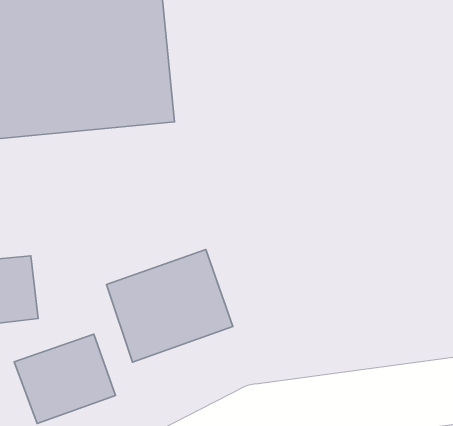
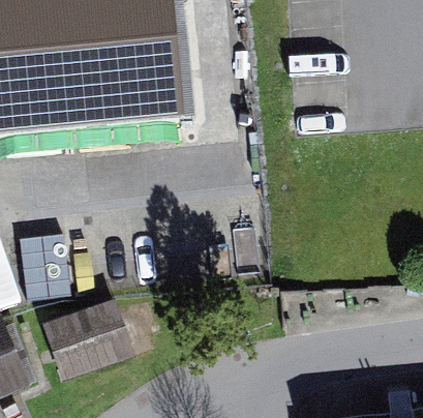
building: [107,249,233,362] -> none

